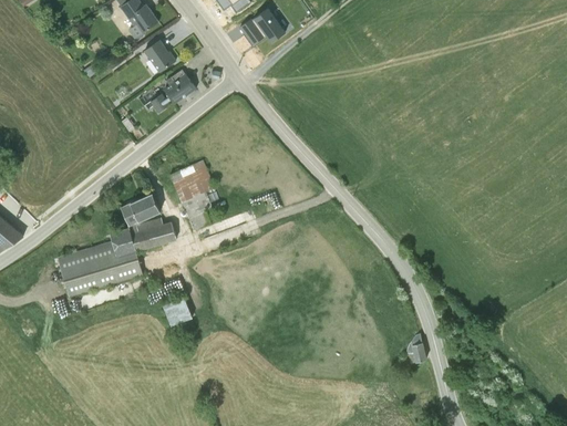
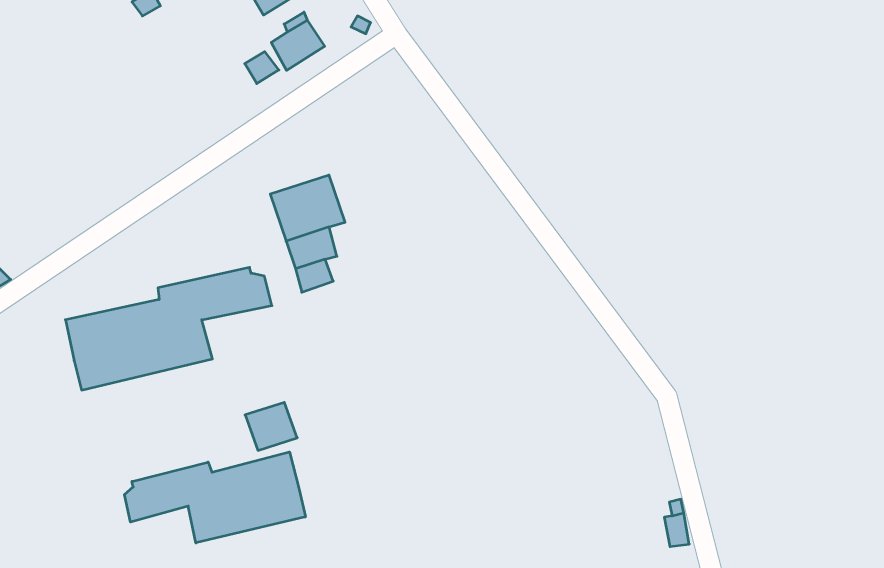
building: [120,191,159,226] -> none
building: none -> [124,452,305,543]

